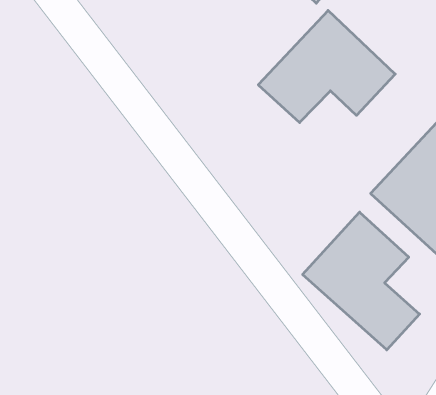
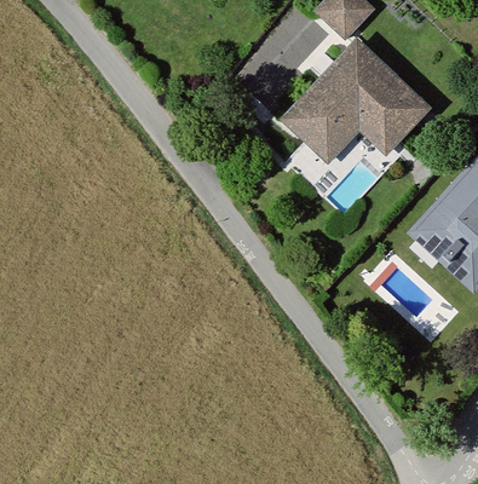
building: [303,212,420,350] -> none

